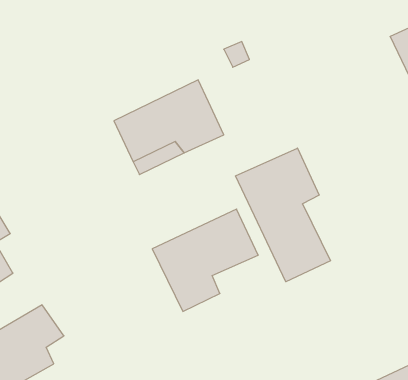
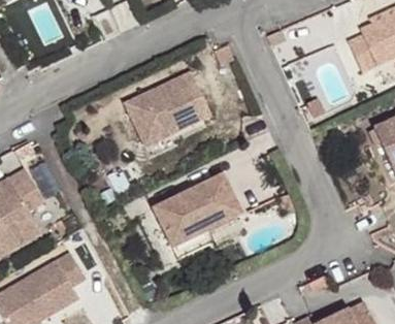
building: [236,148,330,282] -> none

